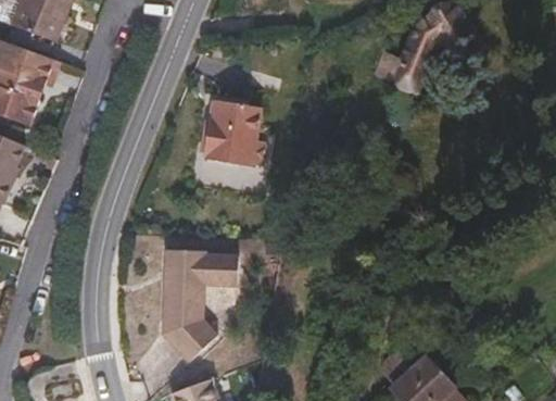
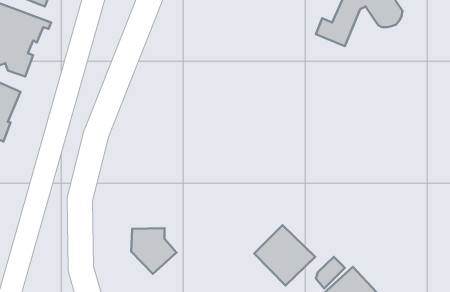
building: [203,98,265,165] -> none
building: [161,252,236,310] -> none
building: none -> [254,225,315,285]

